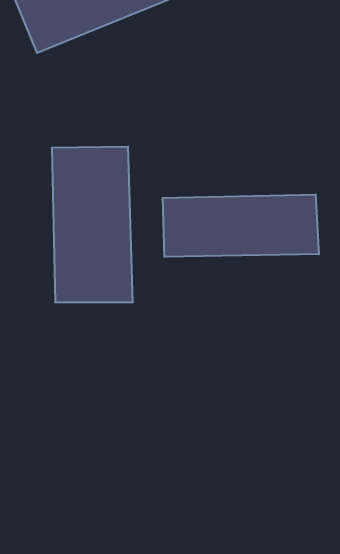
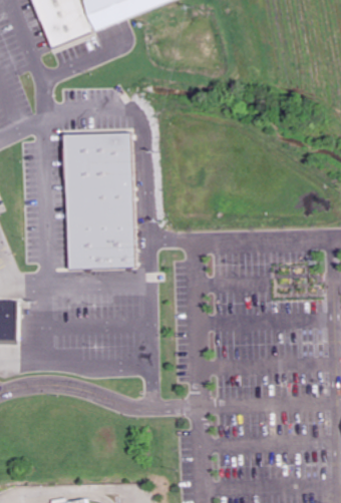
building: [163,194,319,257] -> none

